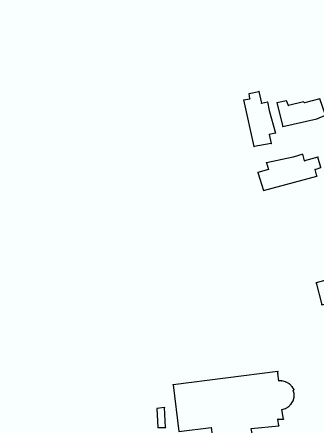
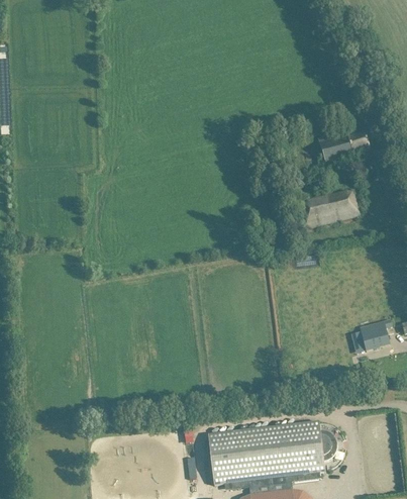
building: [244,91,276,147] -> none

